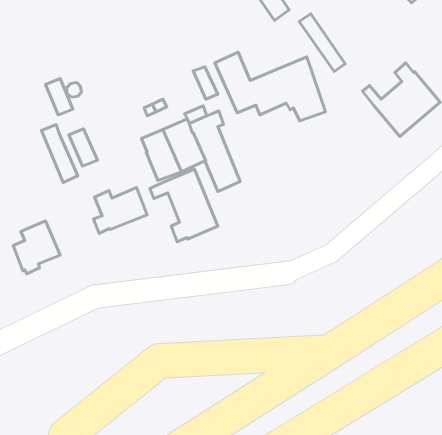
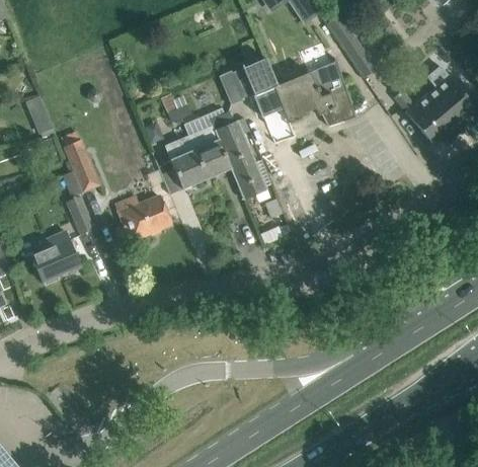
building: [45,79,73,115] -> [25,97,54,135]
building: [69,129,97,166] -> [66,196,95,234]
building: [150,169,218,242] -> none

